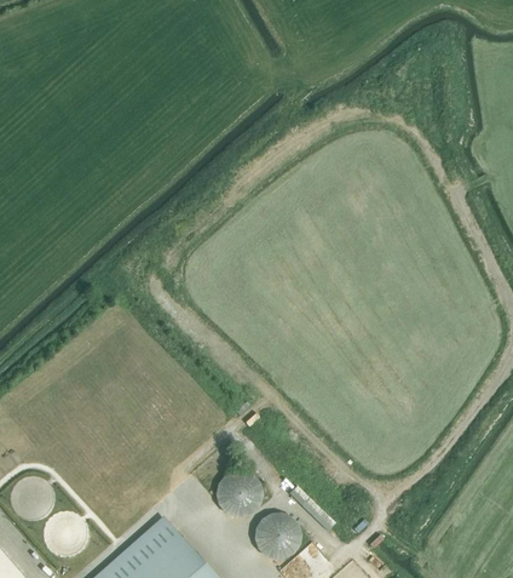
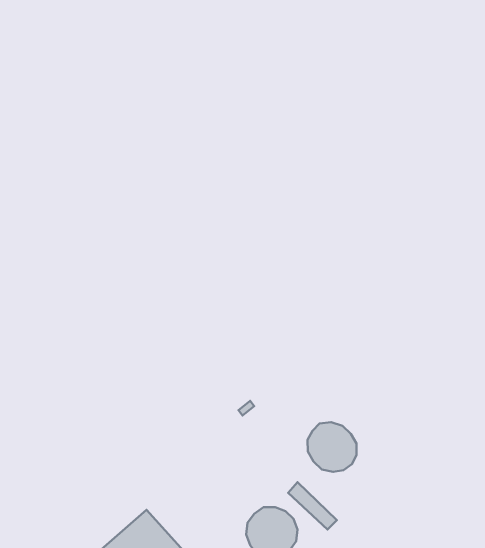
building: none -> [308,422,357,472]
building: [215,471,263,519] -> none

